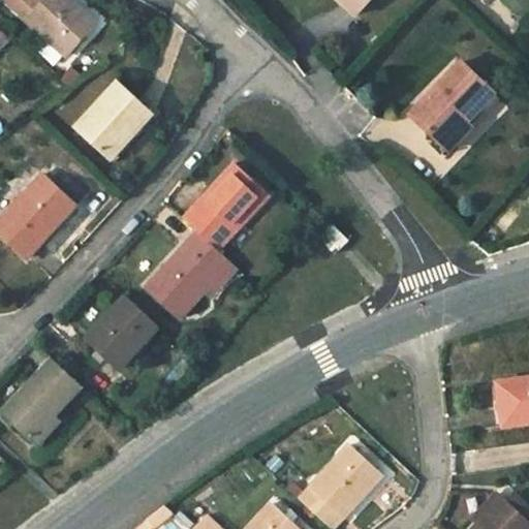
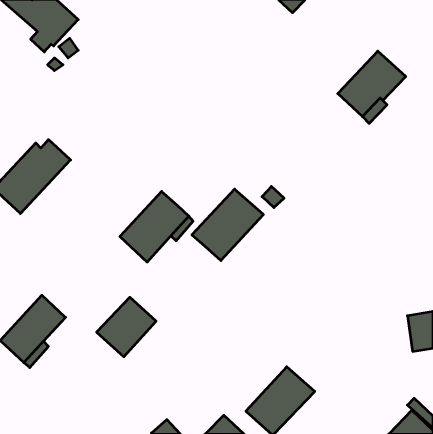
building: [73,82,153,164] -> none
building: [181,163,268,250] -> [192,189,263,261]
building: [84,297,156,369] -> [97,297,156,357]

